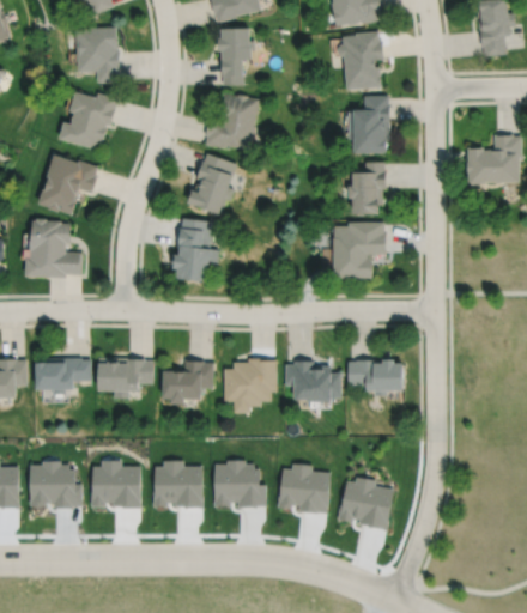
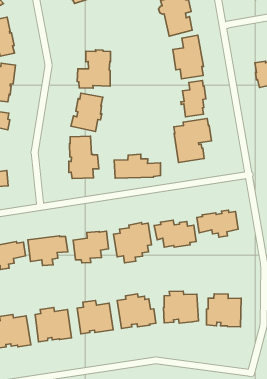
building: [218,30,254,87] -> none
building: none -> [114,154,160,178]

